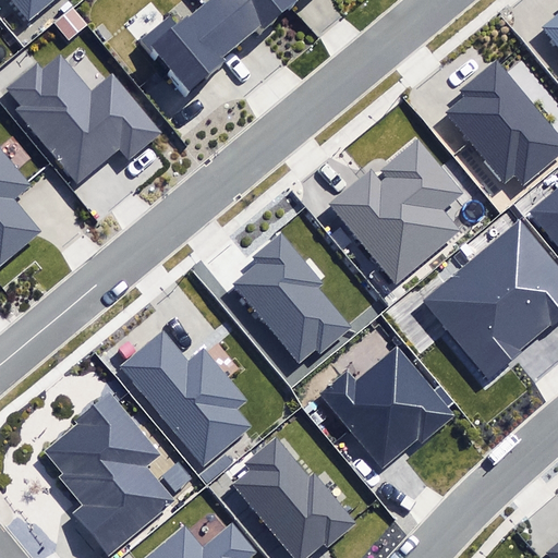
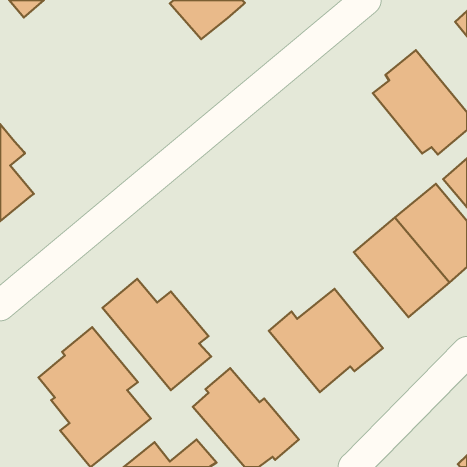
building: [153,4,240,89] -> none
building: [8,54,160,184] -> none
building: [330,141,461,281] -> none
building: [233,233,353,364] -> none

